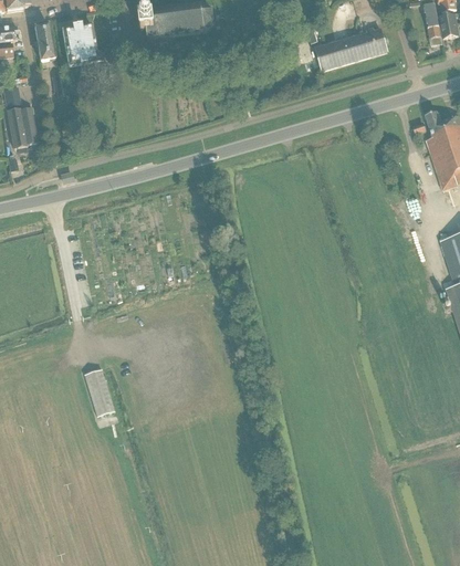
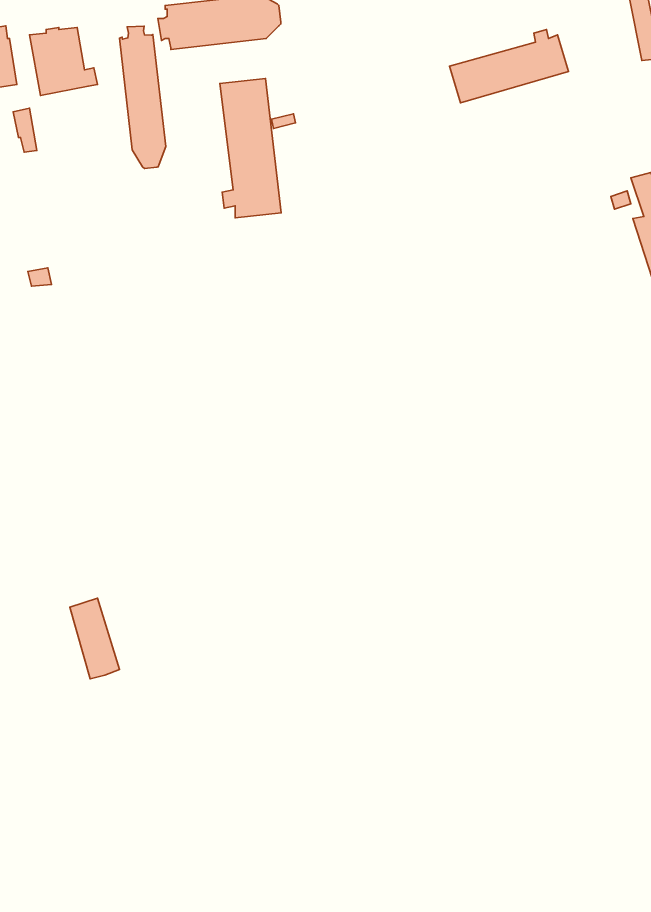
building: none -> [119,26,166,169]
building: none -> [220,79,281,218]

